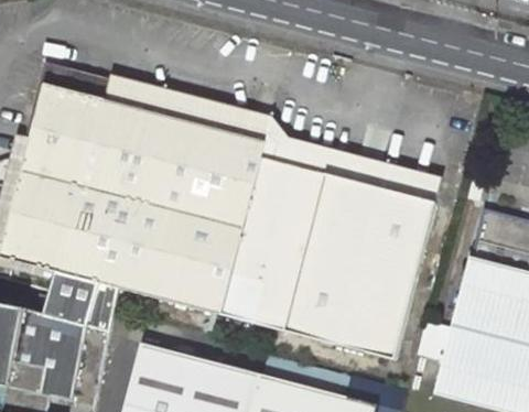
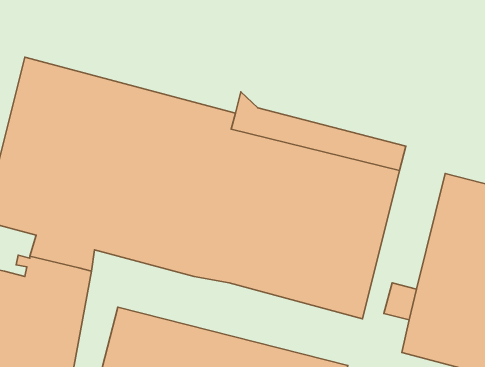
building: [43,64,268,144] -> none

